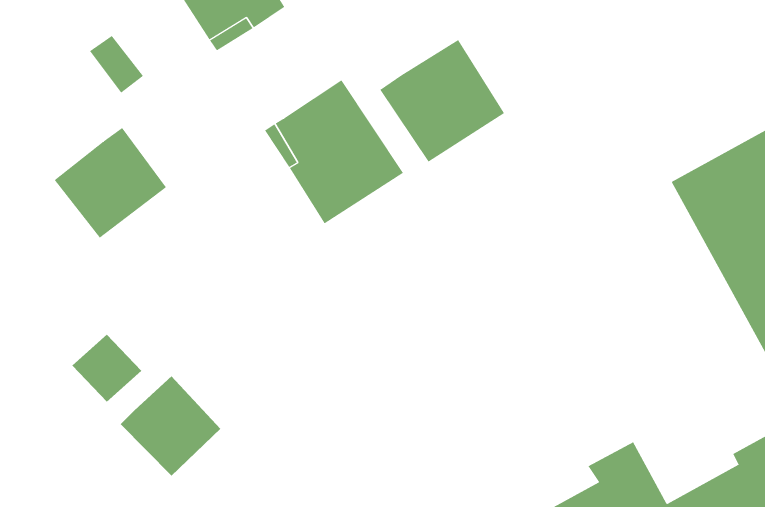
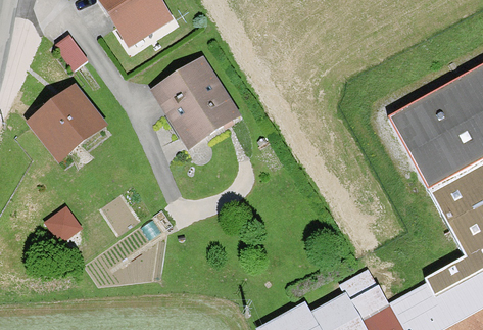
building: [379,39,505,163] -> none
building: [120,375,221,476] -> none

